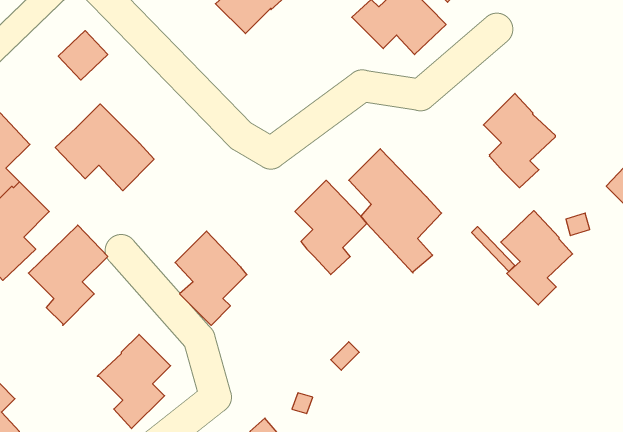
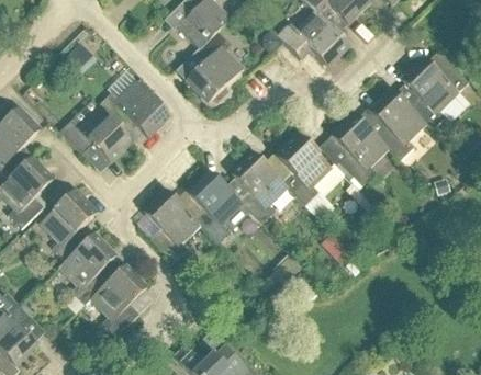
building: none -> [189,29,243,100]
building: none -> [405,50,468,128]
building: none -> [99,79,170,137]
building: none -> [191,173,249,242]
building: [501,211,573,305] -> [335,116,388,185]
building: none -> [58,236,112,305]

